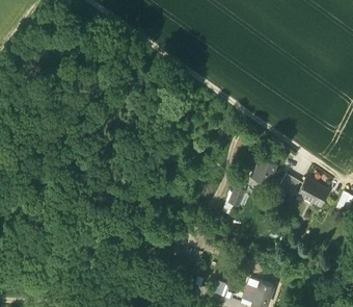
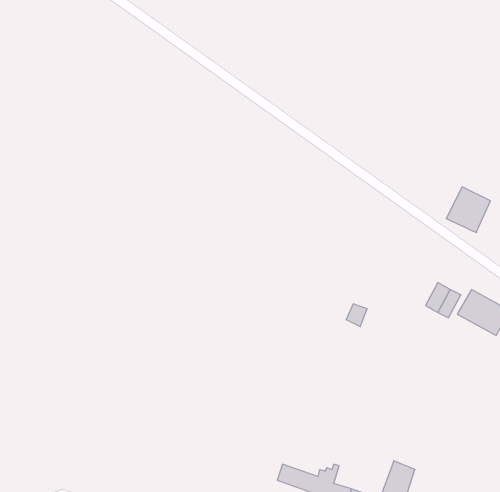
building: [251,157,277,184] -> [446,187,490,233]

